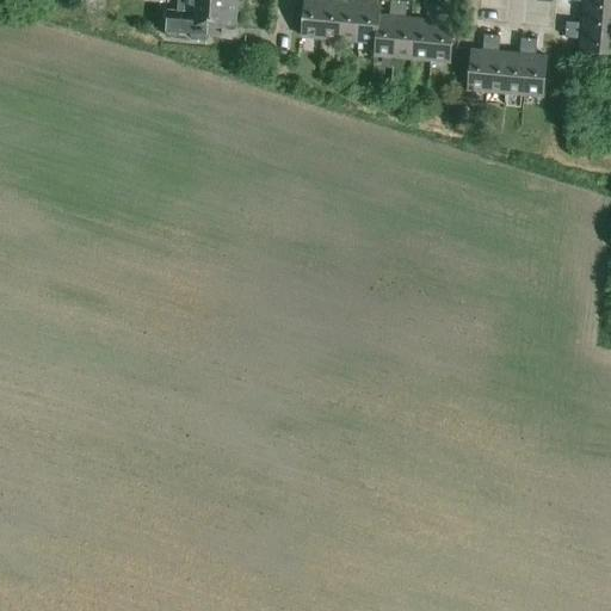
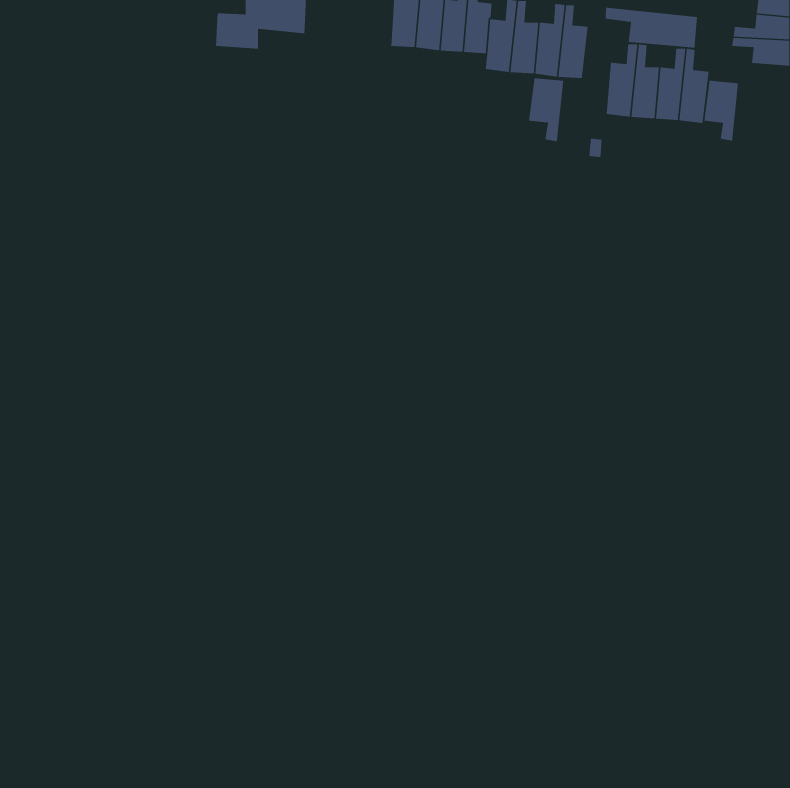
building: none -> [605,7,698,49]
building: none -> [528,77,564,142]
building: none -> [704,80,739,141]

